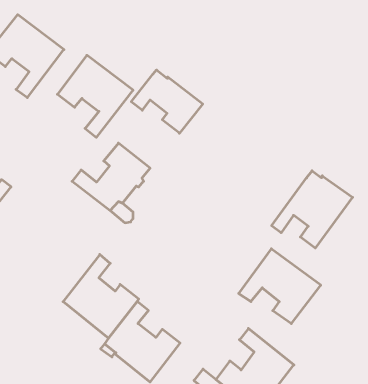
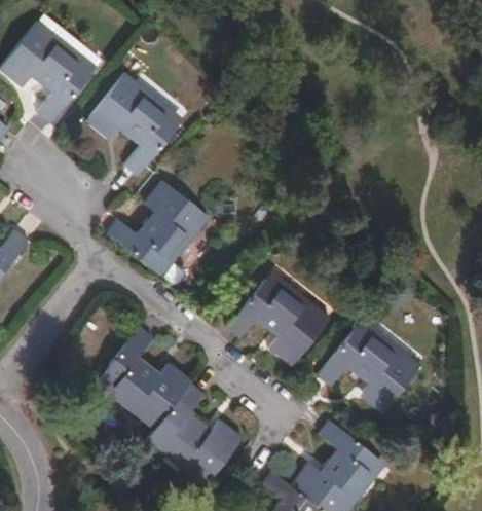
building: [131,70,203,133] -> none
building: [272,171,353,248] -> none
building: none -> [226,270,330,366]

